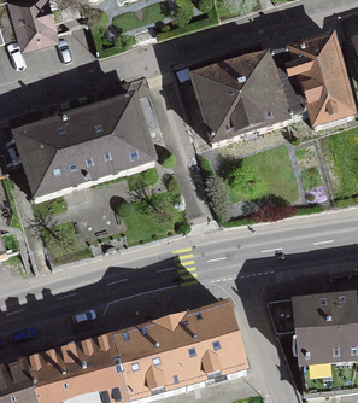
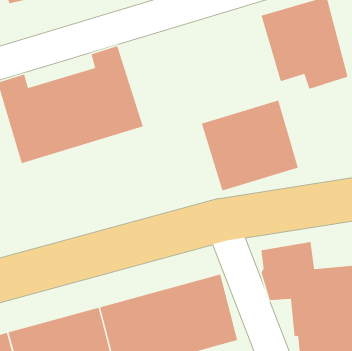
building: [192,51,288,140] -> [201,100,300,192]

